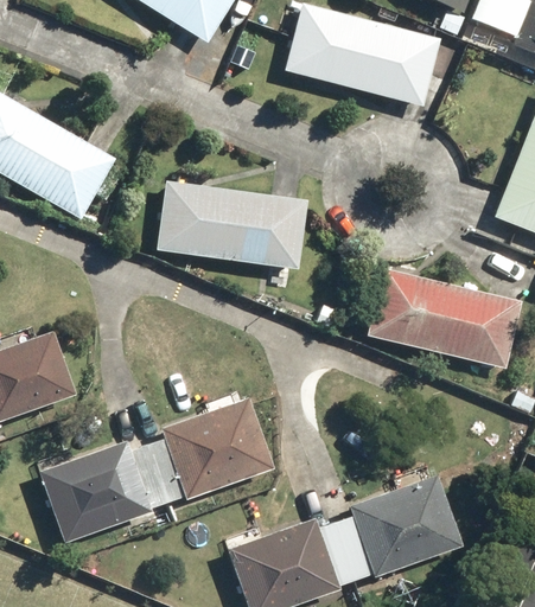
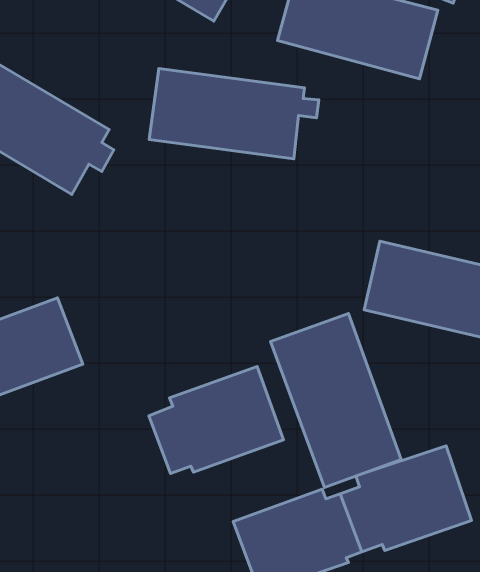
building: [153,180,320,269] -> [149,68,319,159]
building: none -> [270,313,401,487]
building: [50,434,176,539] -> none

